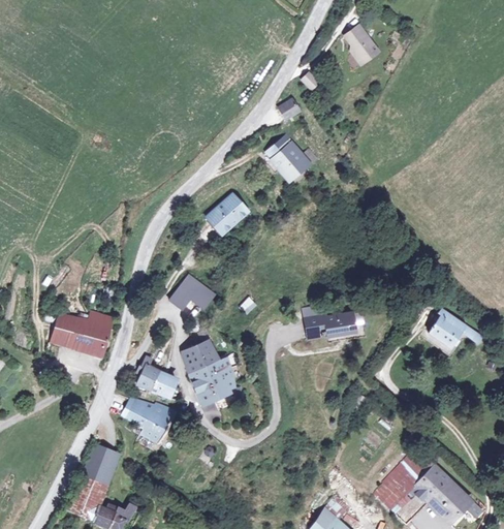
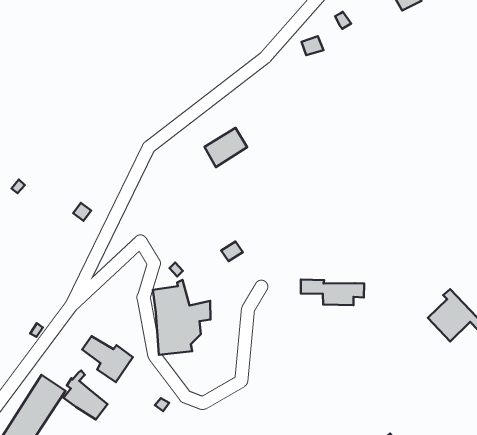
building: [264,139,312,183] -> none
building: [170,275,214,310] -> none
building: [53,310,113,353] -> none
building: [136,359,177,400] -> [64,371,108,420]

